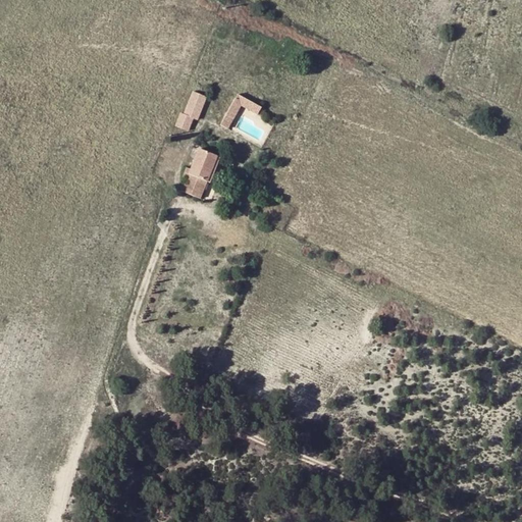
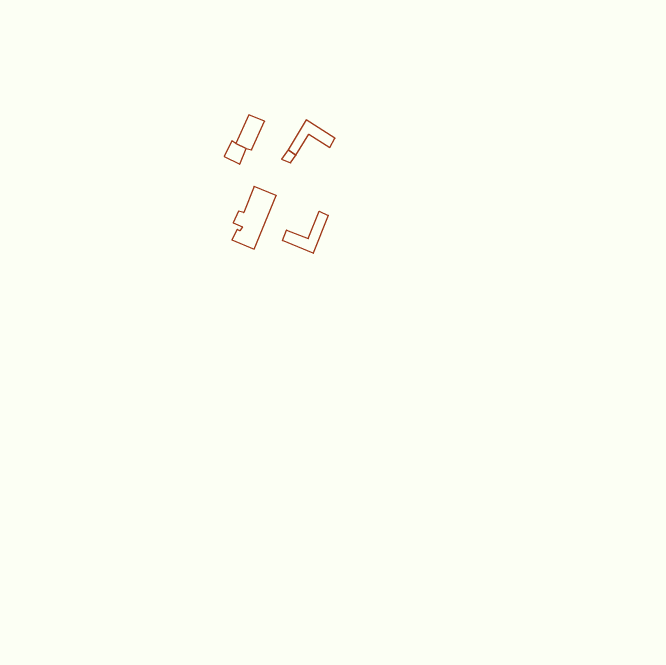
building: none -> [283,211,328,253]

